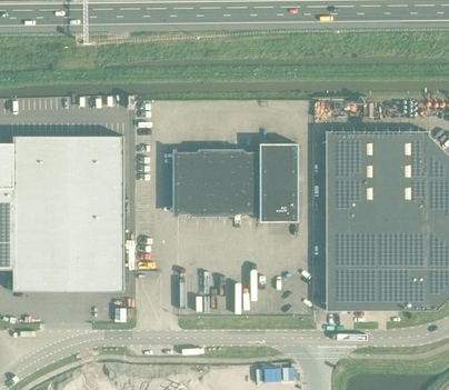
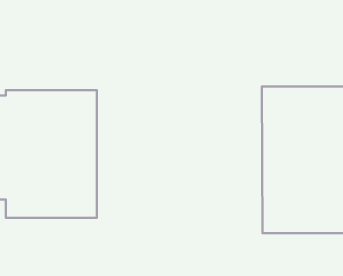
building: [174,143,297,221] -> none

